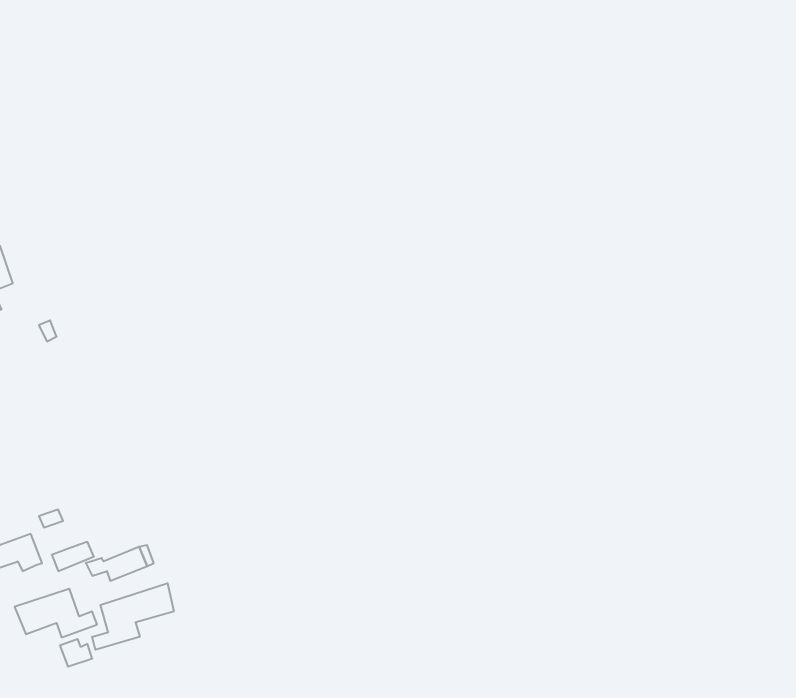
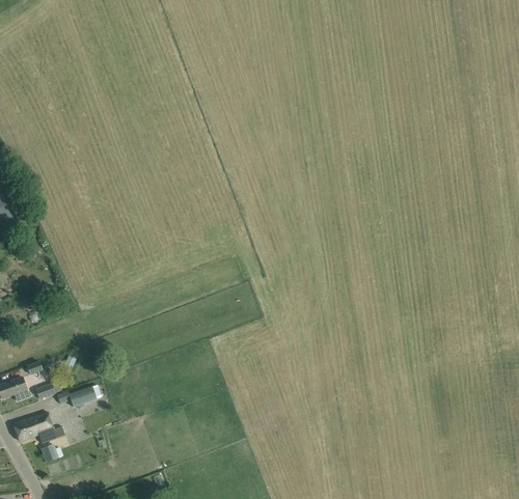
building: [92,583,174,650] -> none

